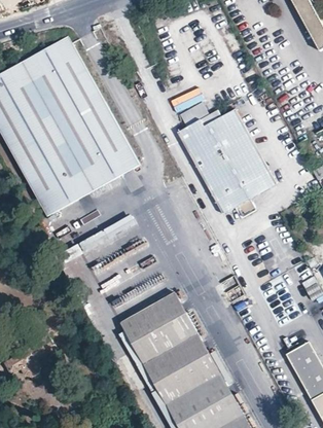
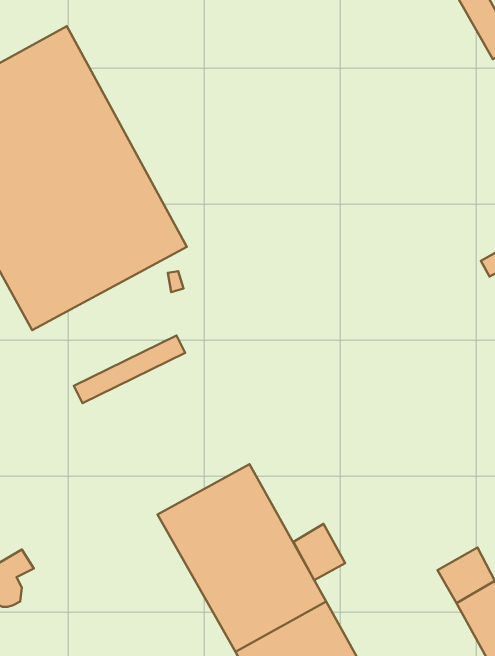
building: [177,102,277,218] -> none
building: none -> [294,524,345,580]

